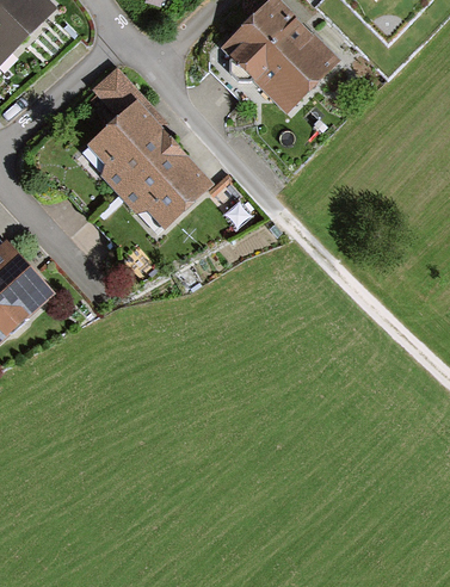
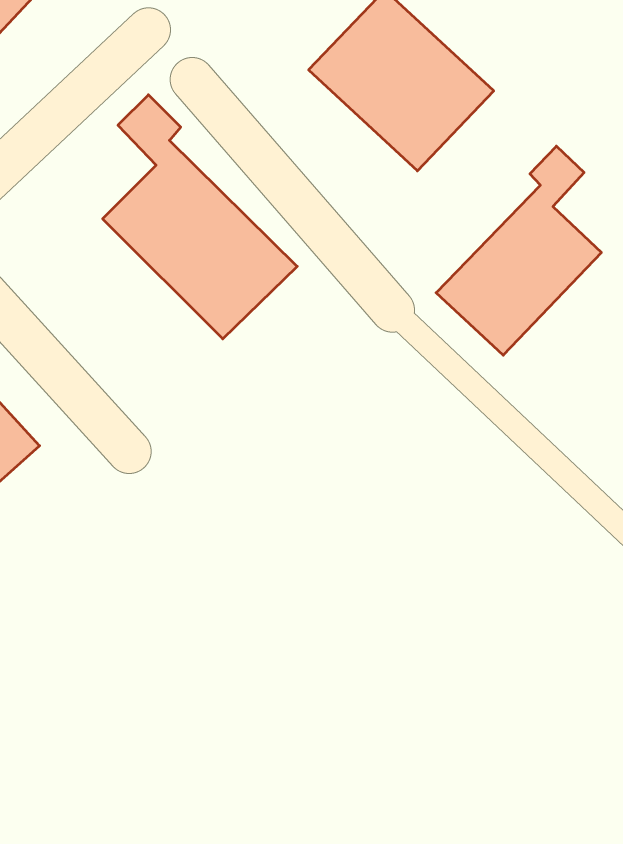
building: none -> [436,146,601,355]

